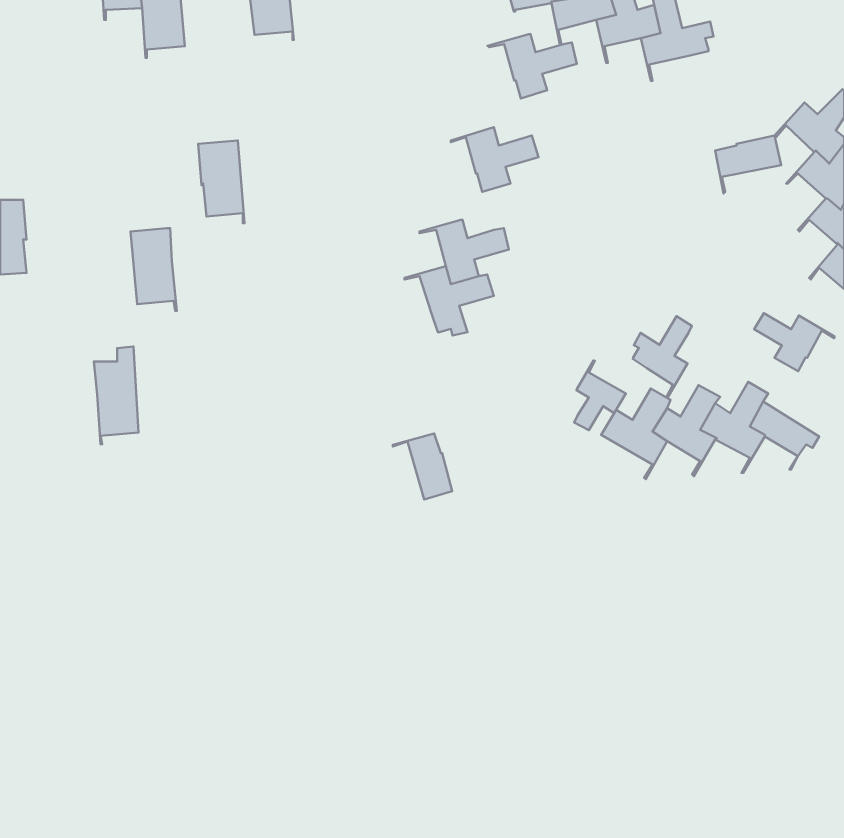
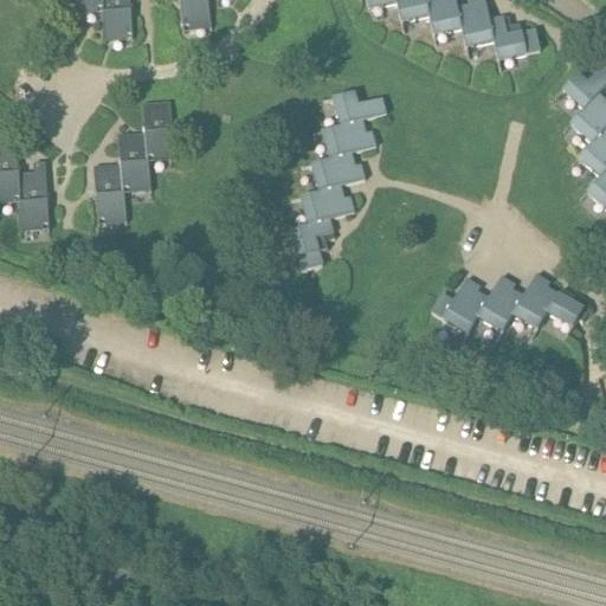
building: [488,34,577,99] -> [311,124,375,170]
building: [715,136,781,193] -> [492,30,540,71]
building: none -> [118,131,152,191]
building: [754,313,835,371] -> none
building: [633,316,692,398] -> none
building: [94,347,139,444] -> [17,161,49,231]
building: [574,360,626,430] -> none
building: [393,433,452,500] -> [279,224,322,271]

